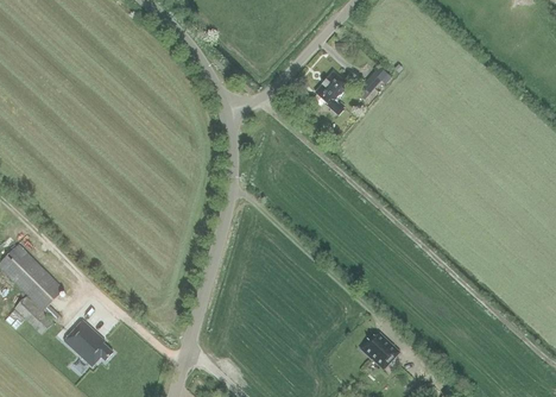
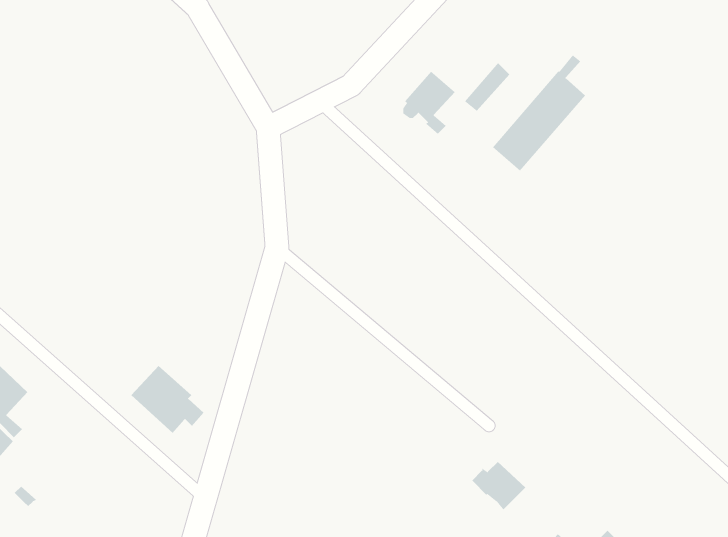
building: none -> [492,55,586,172]
building: [63,319,113,365] -> [130,365,205,434]

